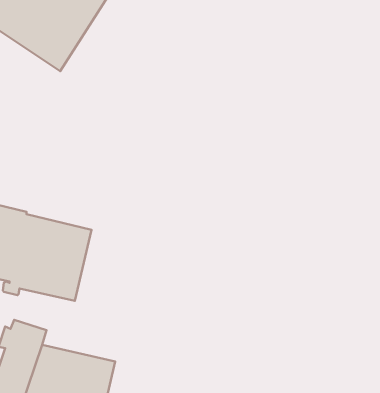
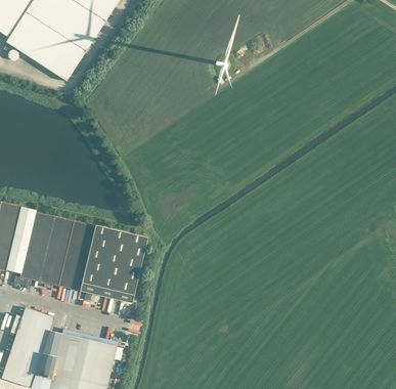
building: none -> [79,224,146,302]

